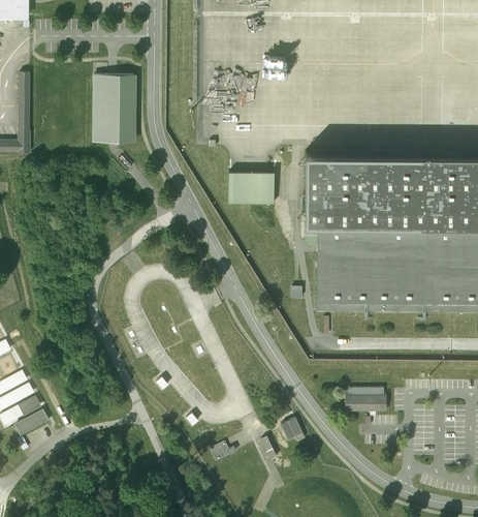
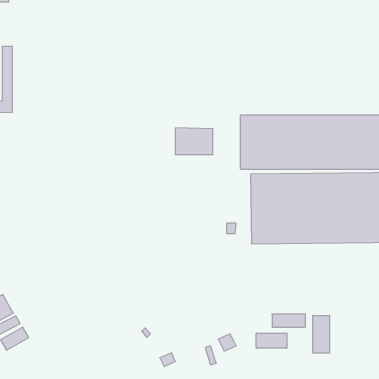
building: [93,73,138,143] -> none
building: none -> [313,315,329,353]
building: none -> [256,333,287,348]

